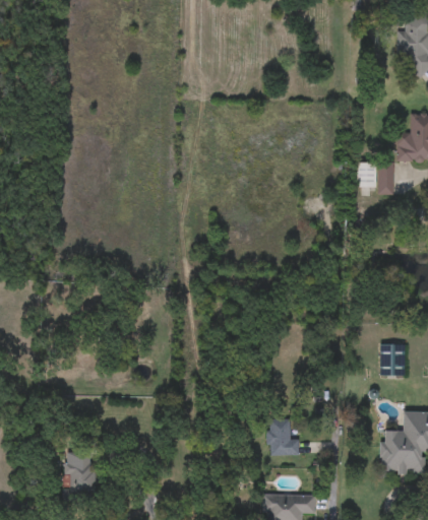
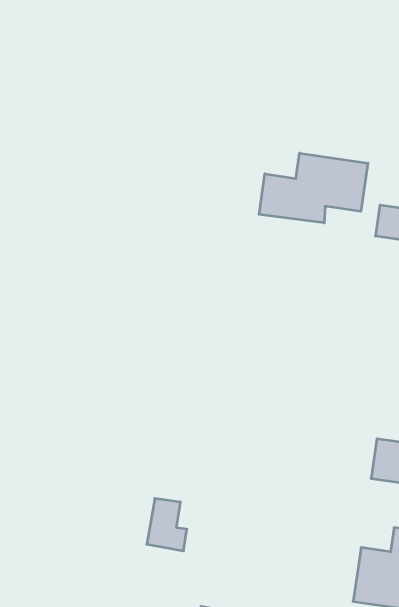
building: none -> [259,153,368,223]
building: [268,417,298,455] -> [147,498,187,551]

